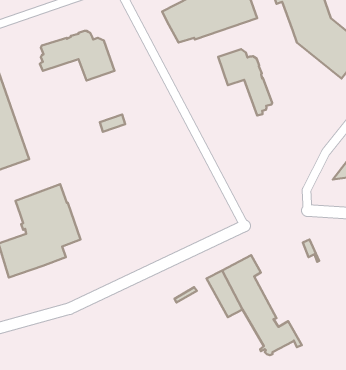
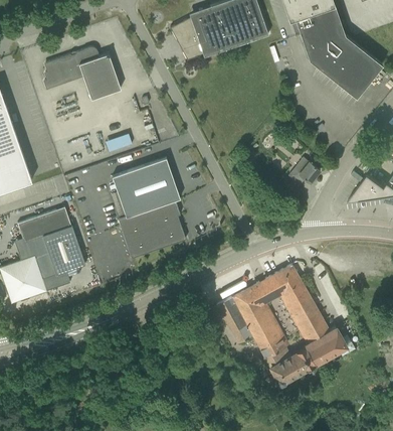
building: [218,49,272,116] -> none
building: none -> [112,158,186,259]
building: none -> [288,158,320,185]
building: none -> [262,265,354,375]

